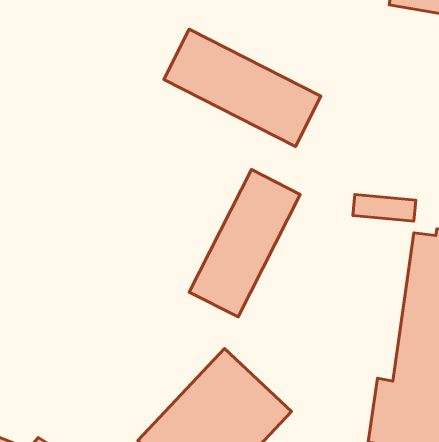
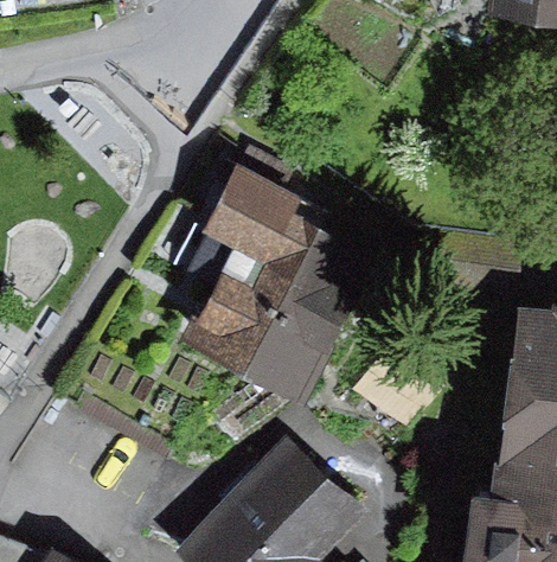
building: [164,29,321,146] -> none
building: none -> [184,162,319,368]

